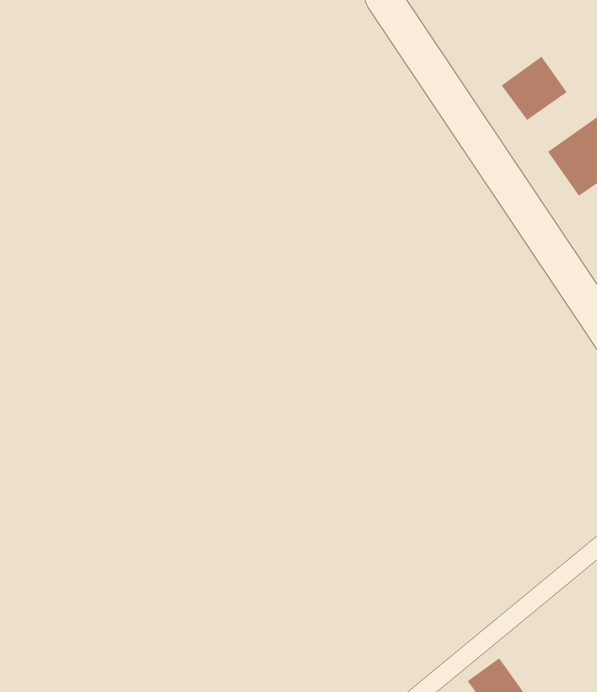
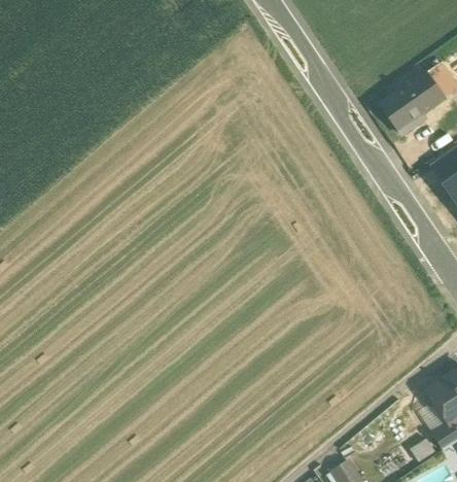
building: [501,56,567,121] -> none

